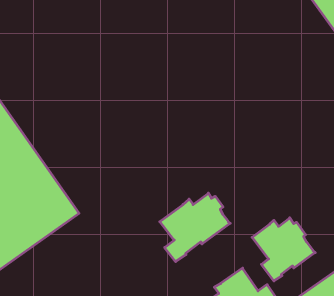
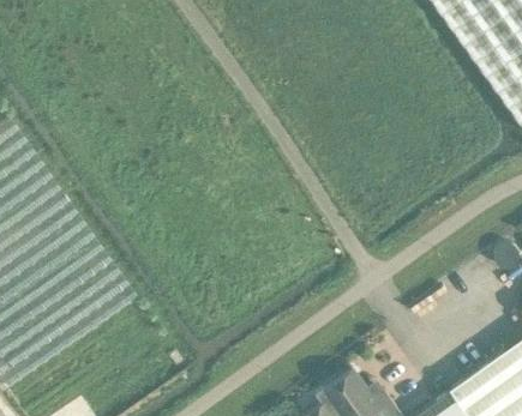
building: [160,193,230,262] -> none
building: [252,218,315,281] -> none

